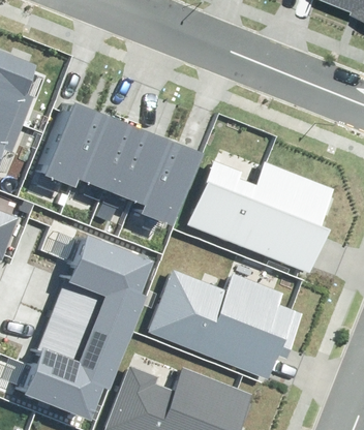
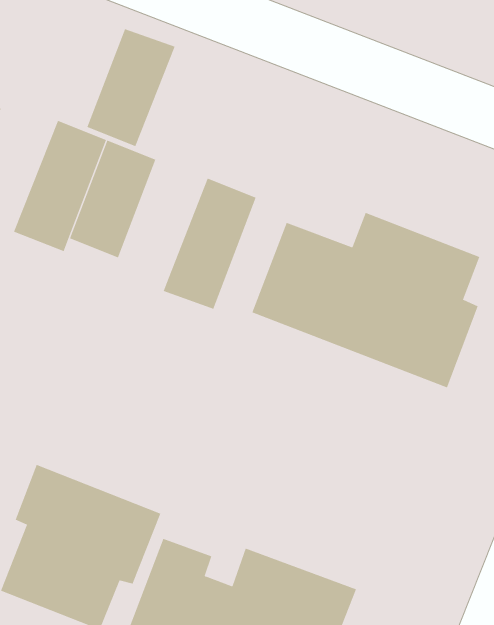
building: [102,126,158,201] -> [87,29,175,147]
building: [51,239,153,348] -> none
building: [146,269,295,373] -> none

